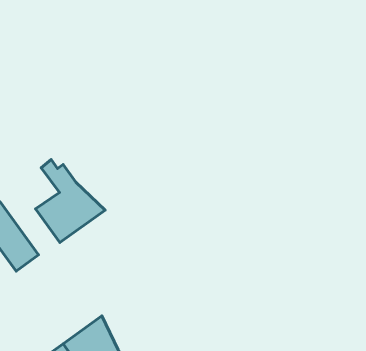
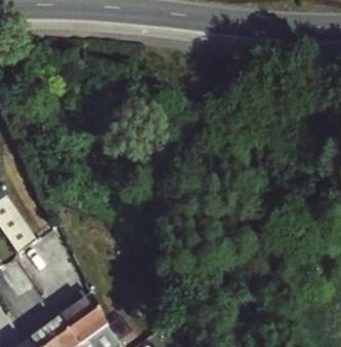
building: [35,160,105,242] -> none

